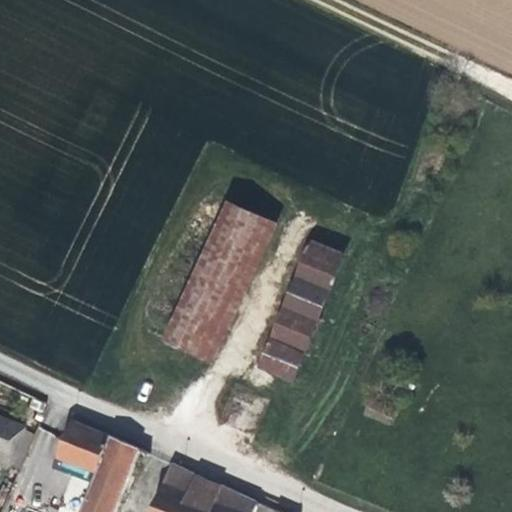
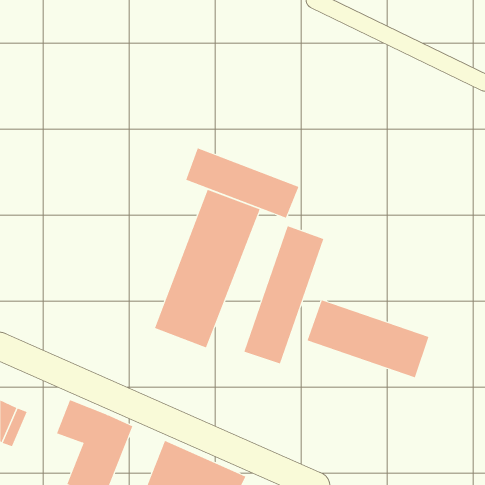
building: none -> [185,147,299,219]
building: none -> [307,300,429,378]

